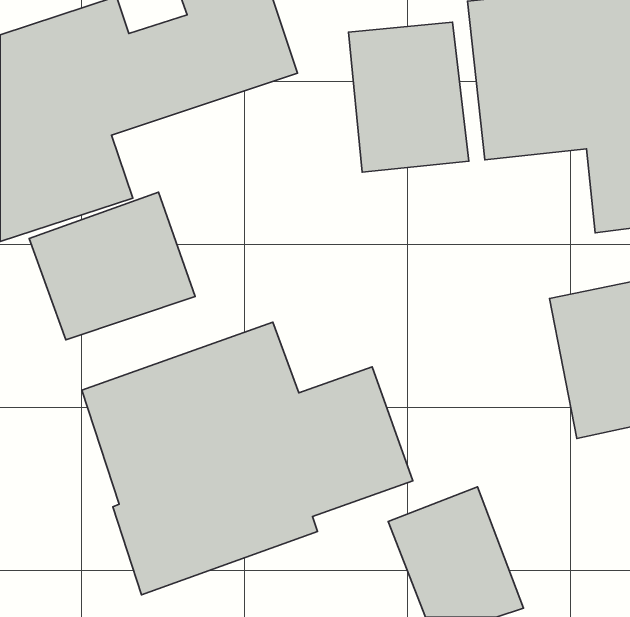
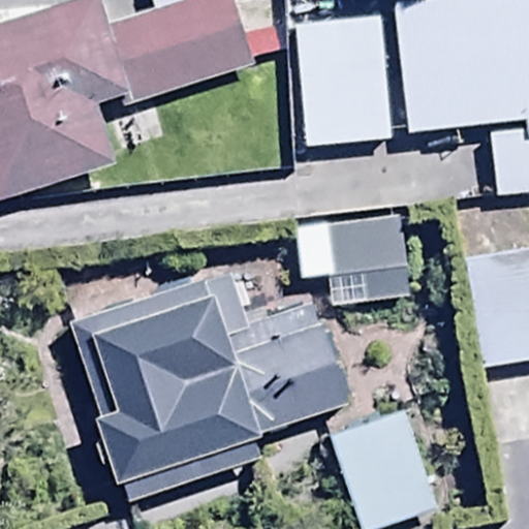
building: [29,192,195,340] -> none
building: none -> [329,211,426,303]

